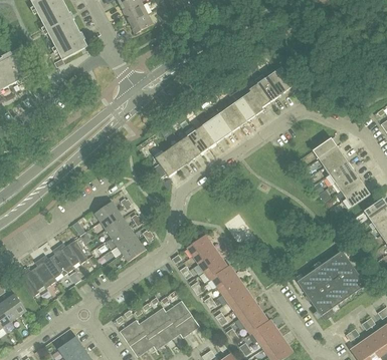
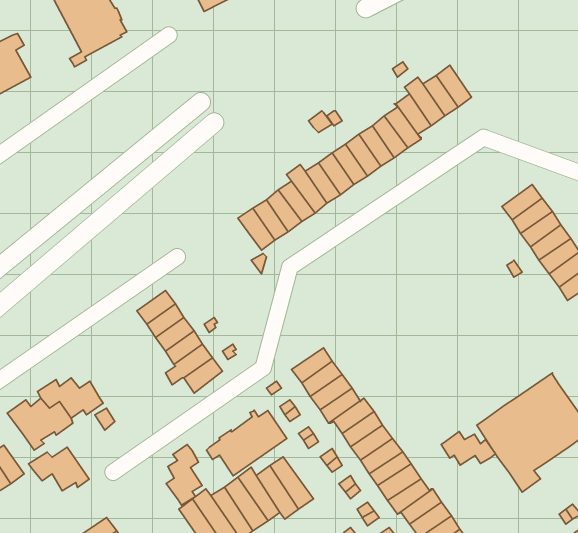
building: [51,239,87,265] -> [29,447,89,491]
building: none -> [206,410,287,476]
building: none -> [441,432,495,465]
building: none -> [166,444,202,505]

